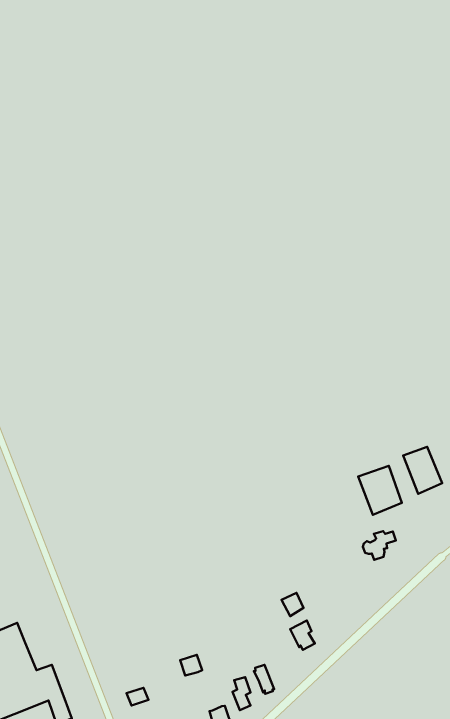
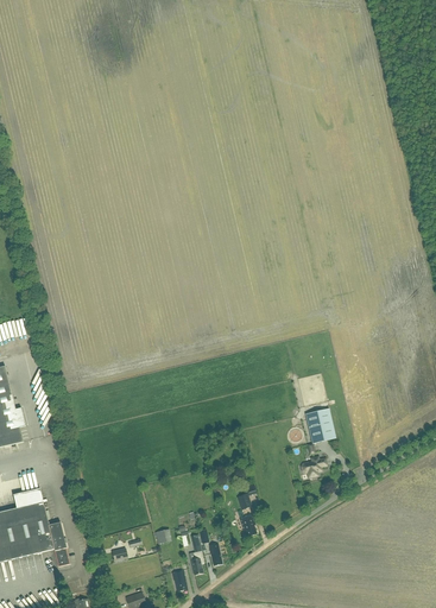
building: [403,447,442,494] -> none

